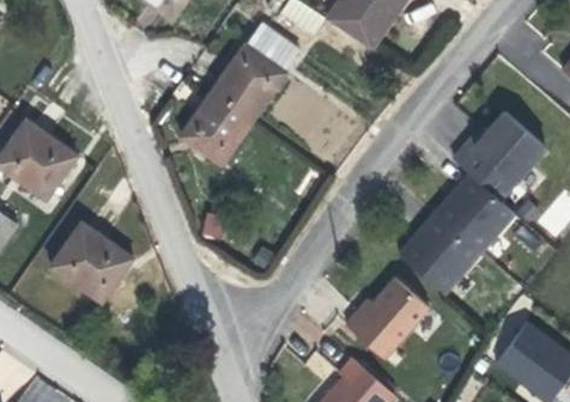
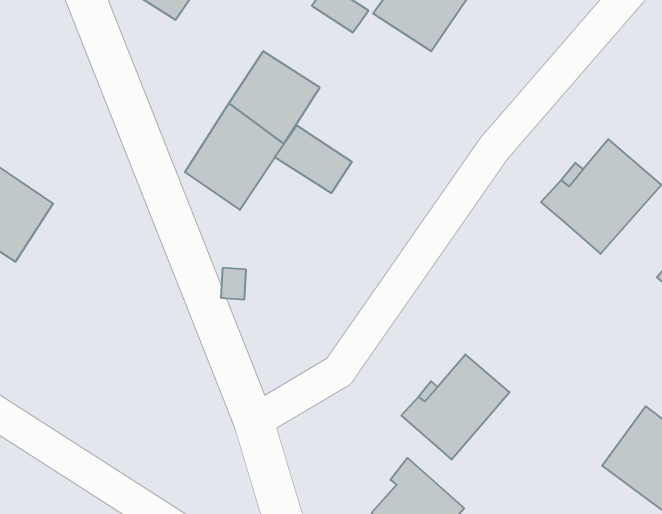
building: [239,22,298,73] -> [275,126,352,193]
building: [398,175,513,294] -> none
building: [56,225,137,304] -> none

